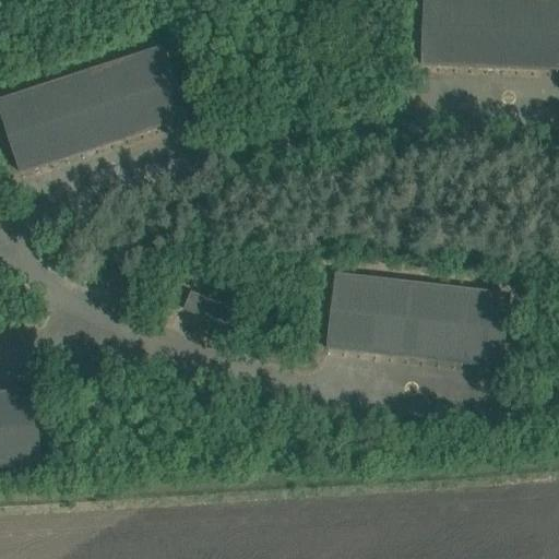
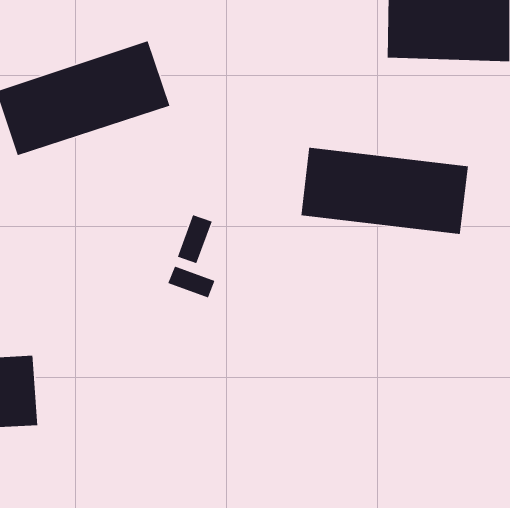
building: none -> [177,214,213,264]
building: [325,271,509,367] -> [300,147,469,235]

